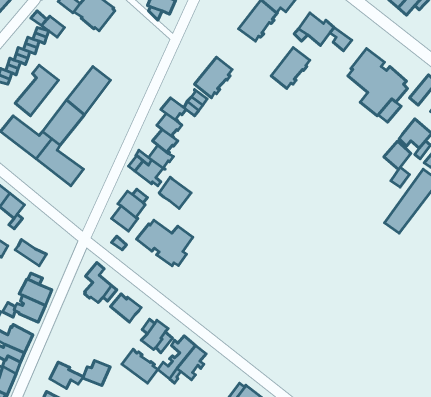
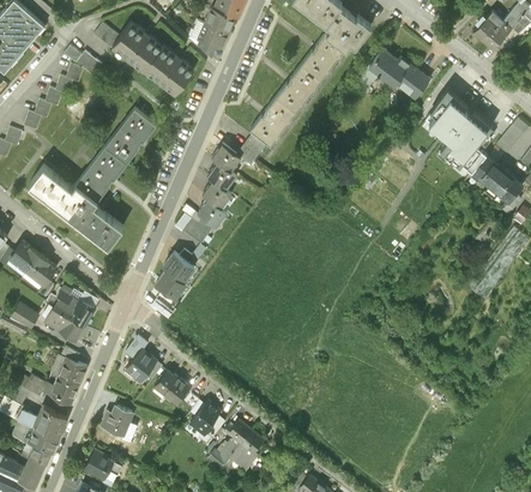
building: none -> [141,46,195,94]
building: [271,48,310,88] -> [276,66,320,113]
building: [15,65,58,116] -> none
building: [384,141,411,169] -> [471,155,502,187]
building: [159,177,191,208] -> none
building: [137,220,193,266] -> none
building: none -> [53,286,92,324]
building: [122,349,158,383] -> none
building: [83,360,110,386] -> [102,403,133,432]

